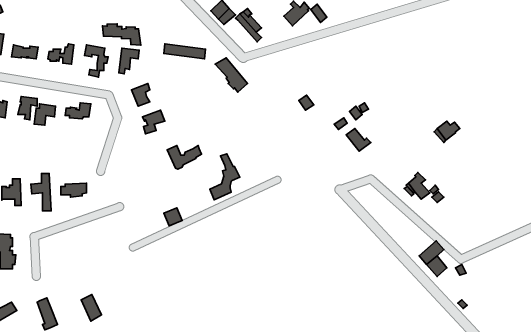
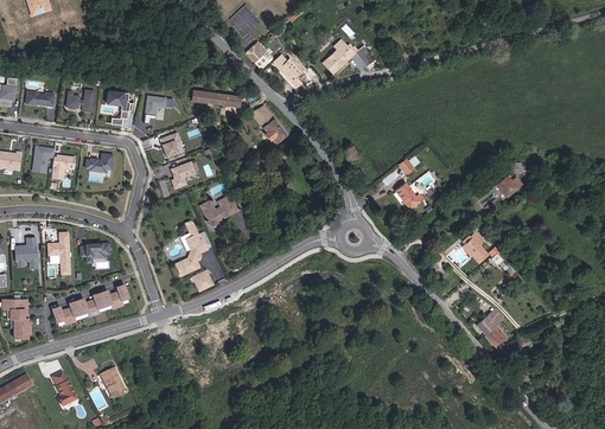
building: [103,24,141,45] -> none
building: [210,154,240,200] -> [176,224,209,275]
building: none -> [50,284,127,325]

